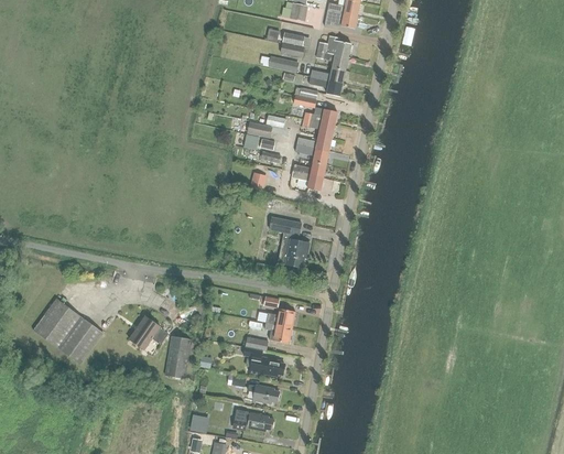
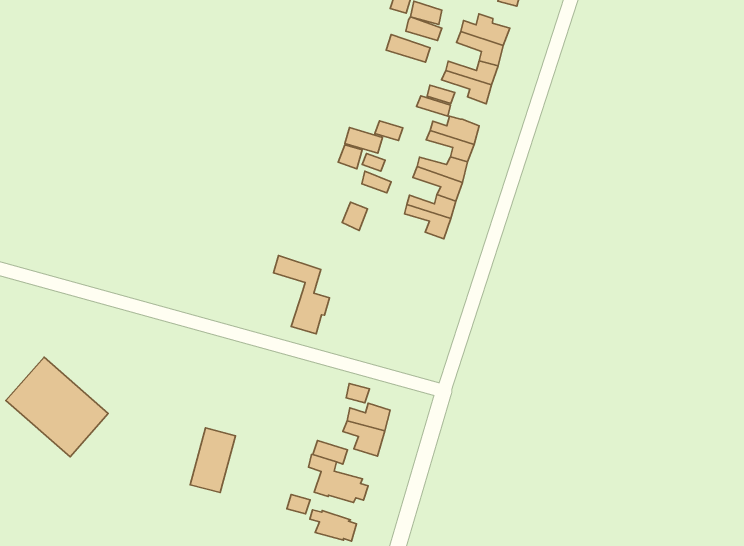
building: [269,216,308,267] -> [274,256,329,334]
building: [128,315,167,348] -> none

